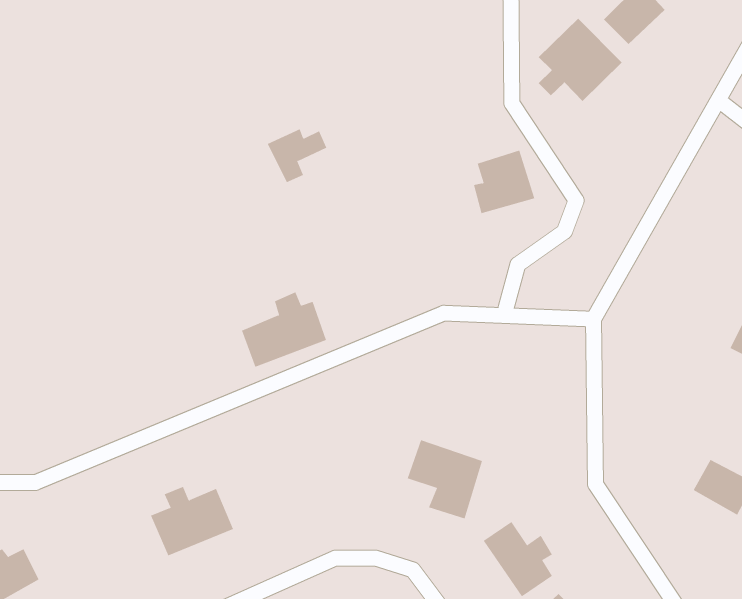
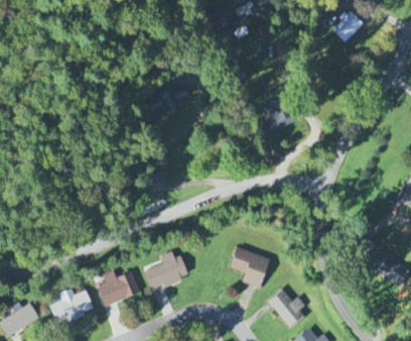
building: [538,18,623,102] -> none
building: [241,292,327,367] -> [144,250,188,290]
building: none -> [51,289,94,322]

